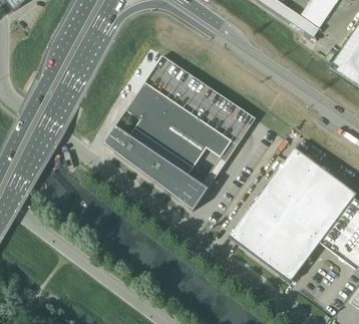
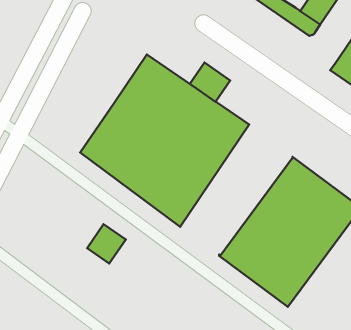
building: none -> [190,63,230,102]
building: none -> [87,224,126,263]

